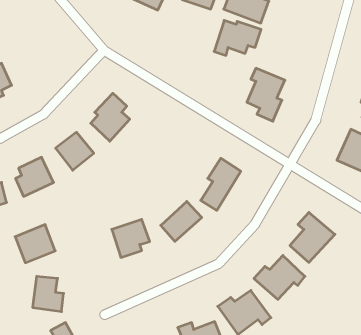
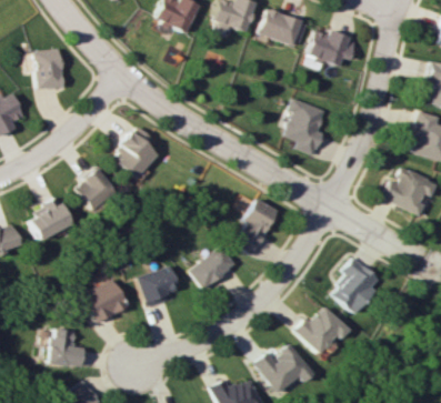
building: [214,20,261,55] -> [307,30,359,69]
building: none -> [34,49,63,88]
building: [15,225,55,263] -> [82,280,127,322]

